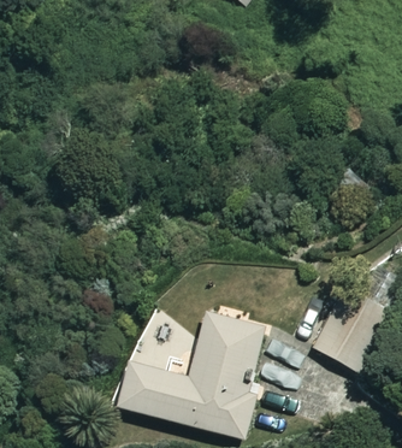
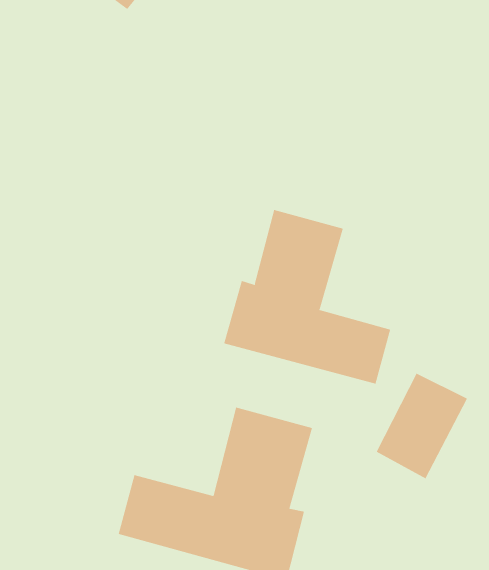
building: none -> [223,209,391,384]

